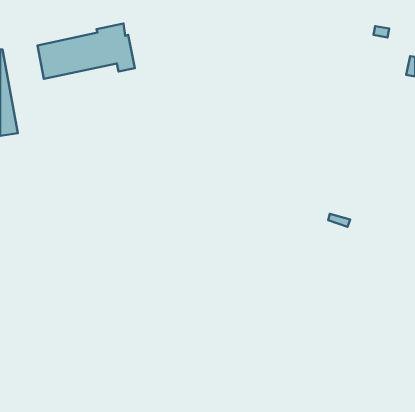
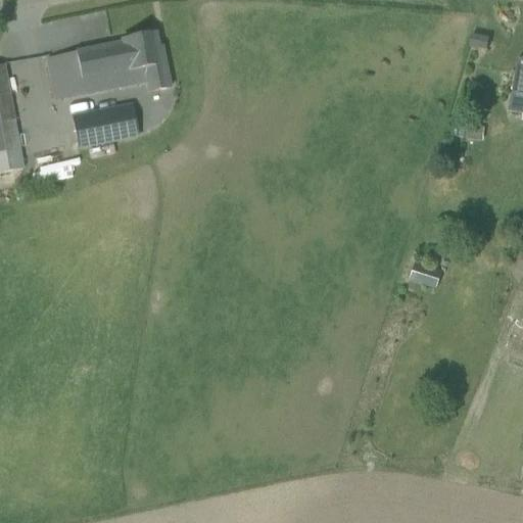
building: none -> [72,102,139,147]

